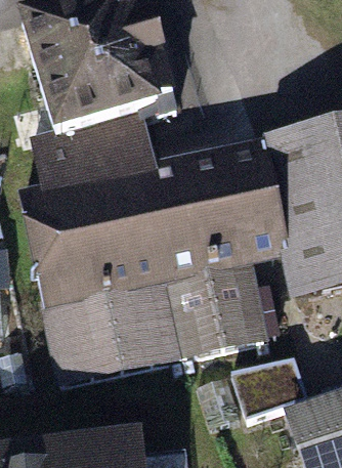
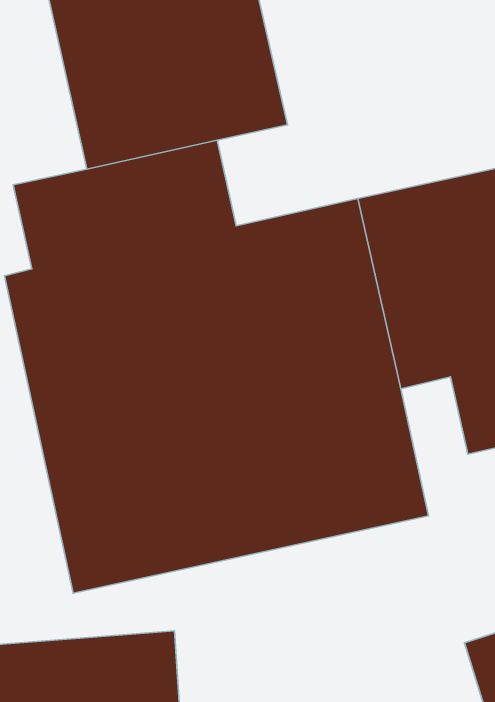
building: [222,355,299,423] -> none

